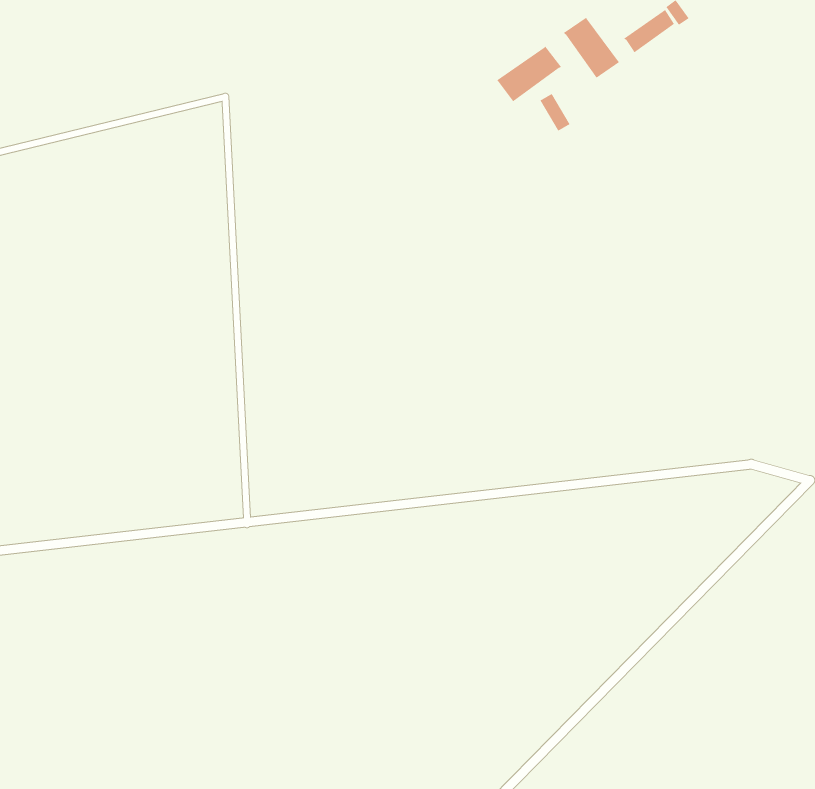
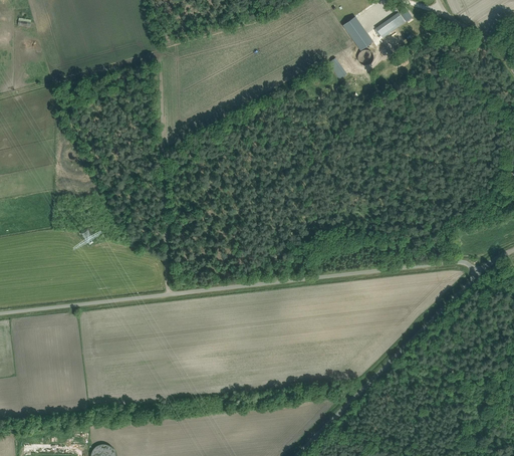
building: [497,45,562,102] -> none

